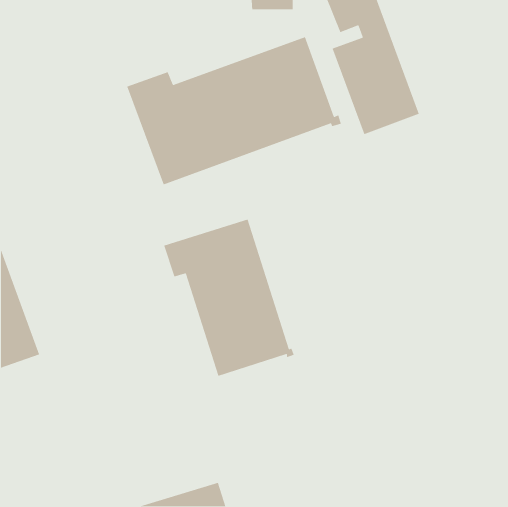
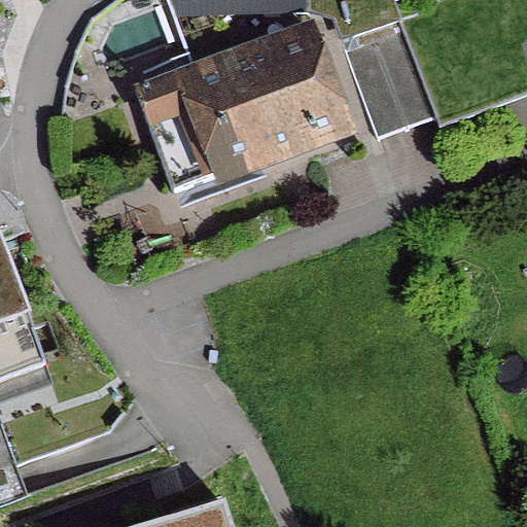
building: [163,218,295,377] -> none

